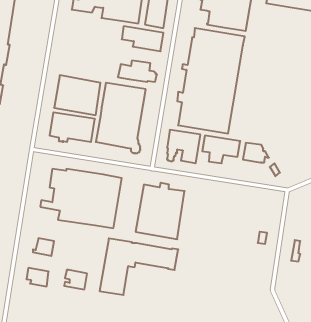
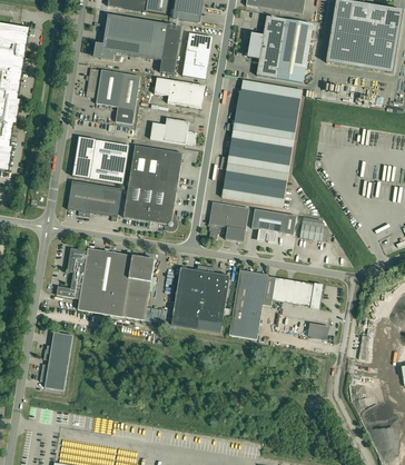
building: none -> [85,68,140,123]
building: [100,238,178,295] -> [228,270,323,338]
building: [64,270,87,289] -> [41,348,69,372]

